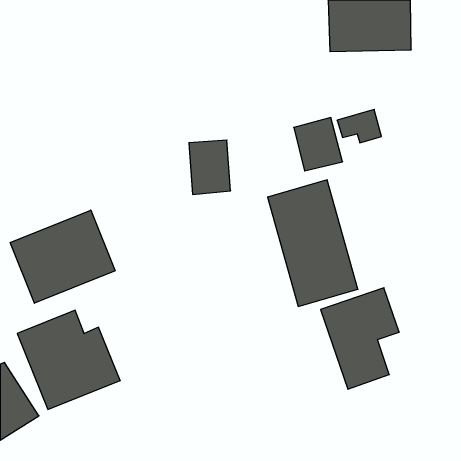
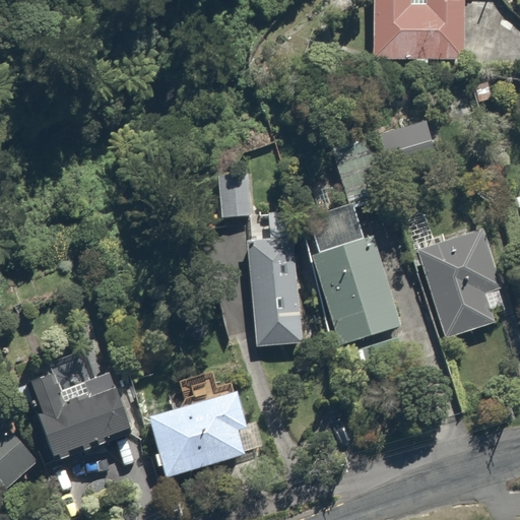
building: none -> [246,226,303,349]
building: [10,210,115,303] -> none
building: [321,288,399,389] -> [415,226,504,340]
building: none -> [145,385,255,478]

